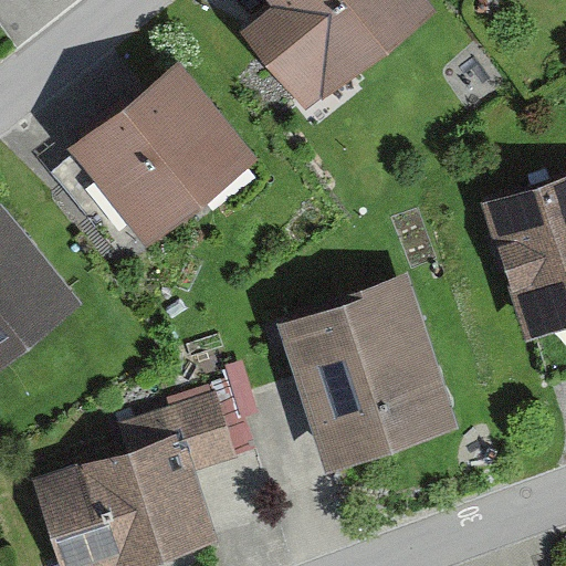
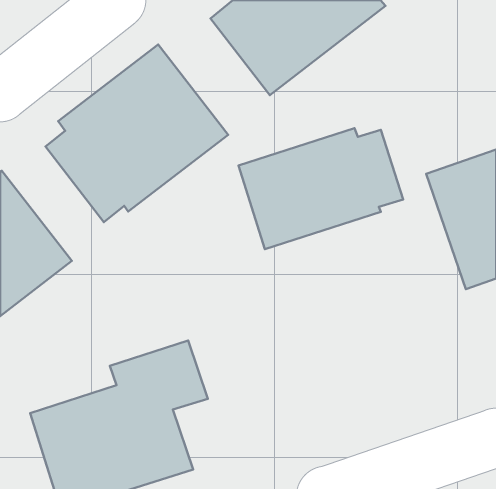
building: none -> [238,128,403,249]
building: [275,273,459,474] -> none

